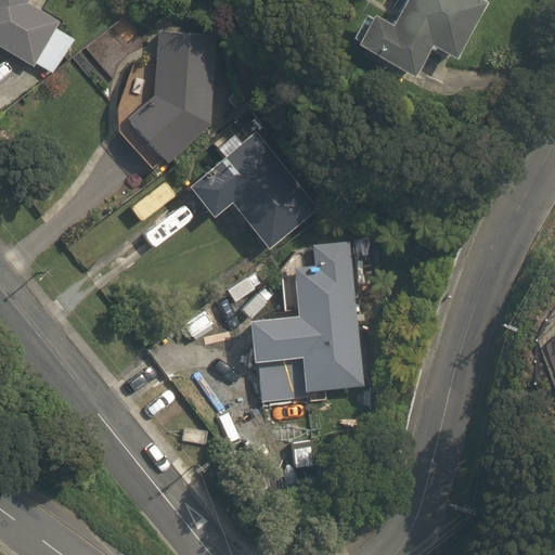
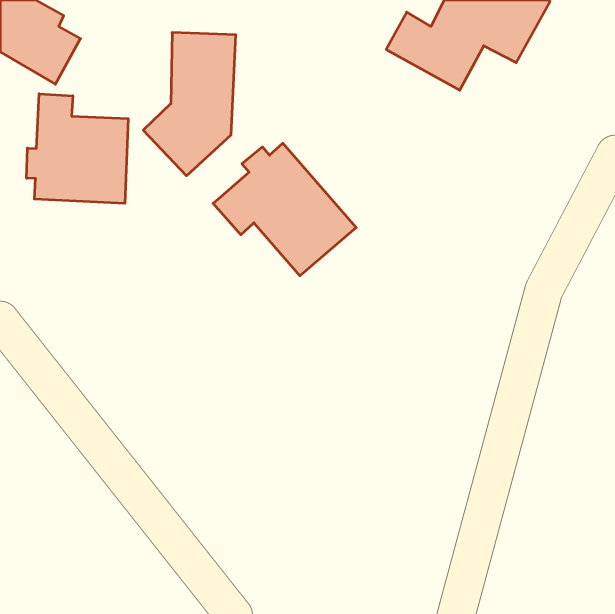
building: none -> [27,94,128,203]
building: [250,241,365,400] -> none

